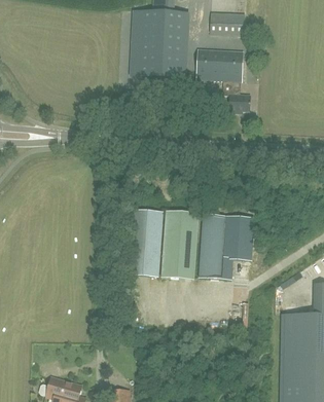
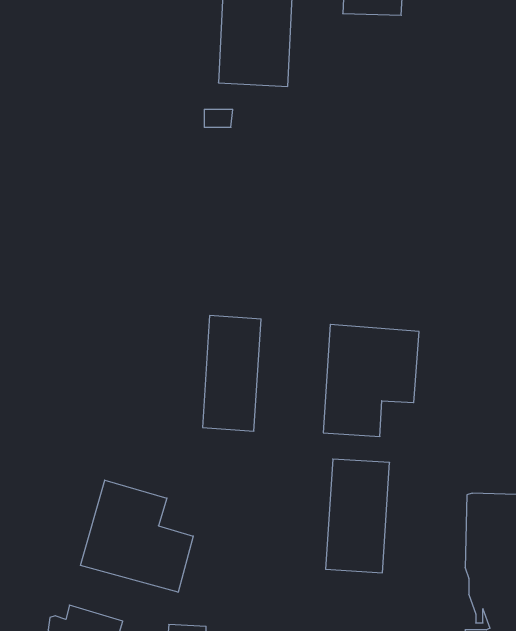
building: [194,48,248,112] -> none
building: [159,212,196,278] -> [326,459,390,573]
building: none -> [80,480,193,592]

